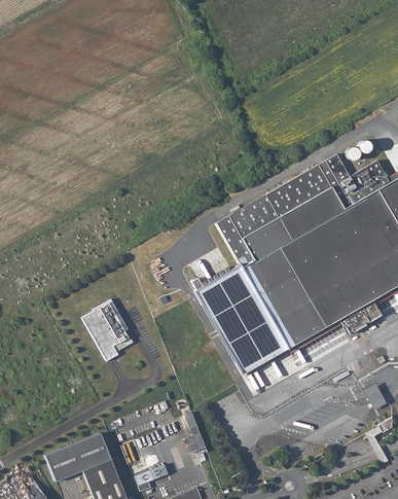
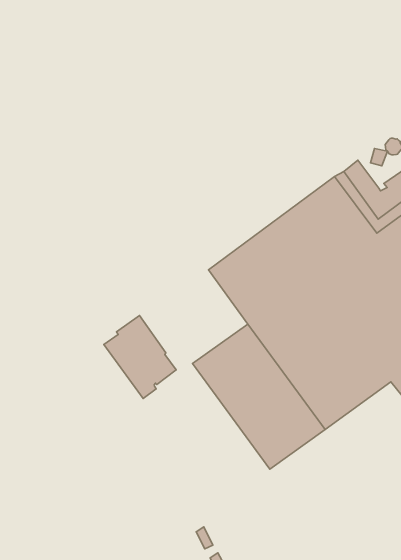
building: [82,298,134,360] -> [104,315,176,399]

